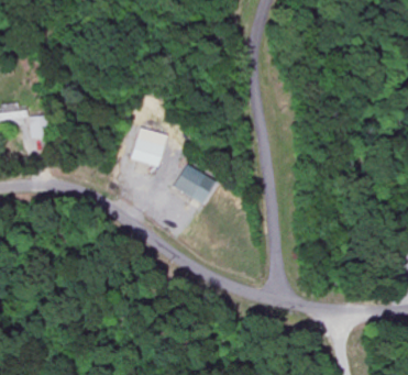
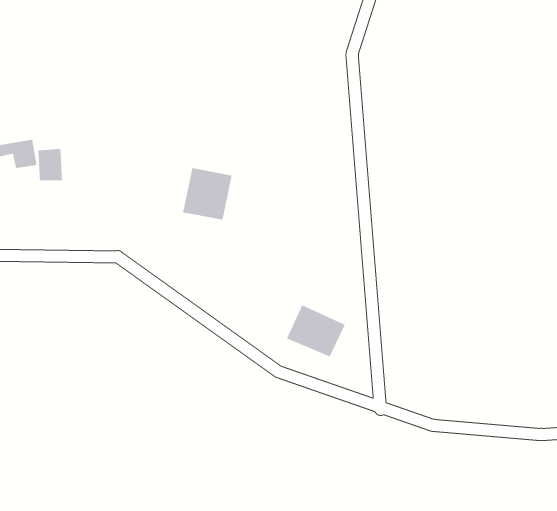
building: [174,165,216,202] -> [286,304,346,358]

